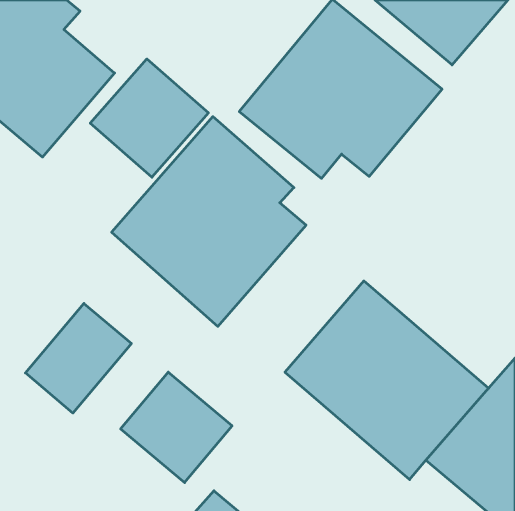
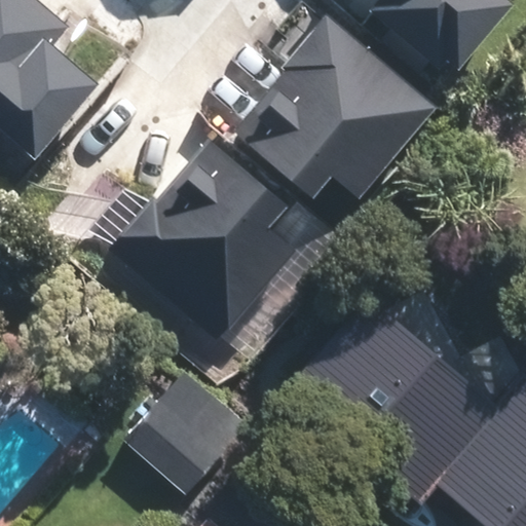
building: [90,59,208,177] -> none
building: [25,303,131,413] -> none

